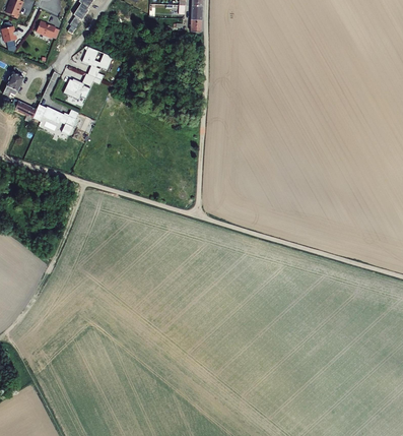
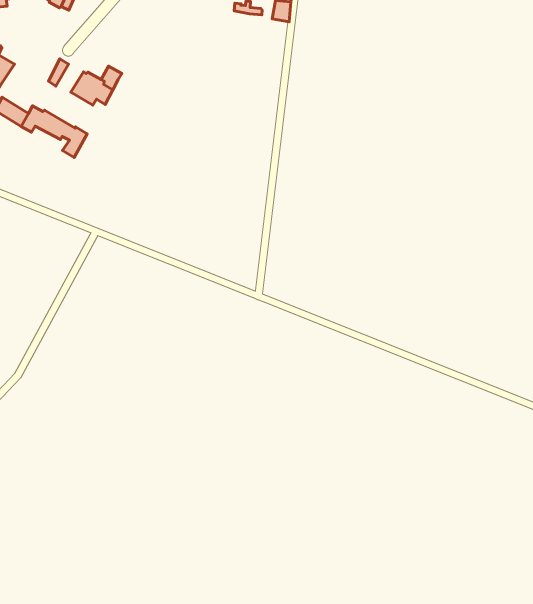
building: [82,48,113,70] -> none

